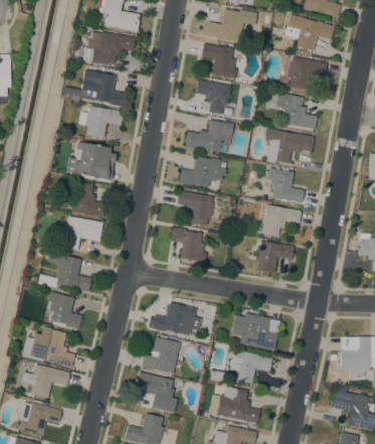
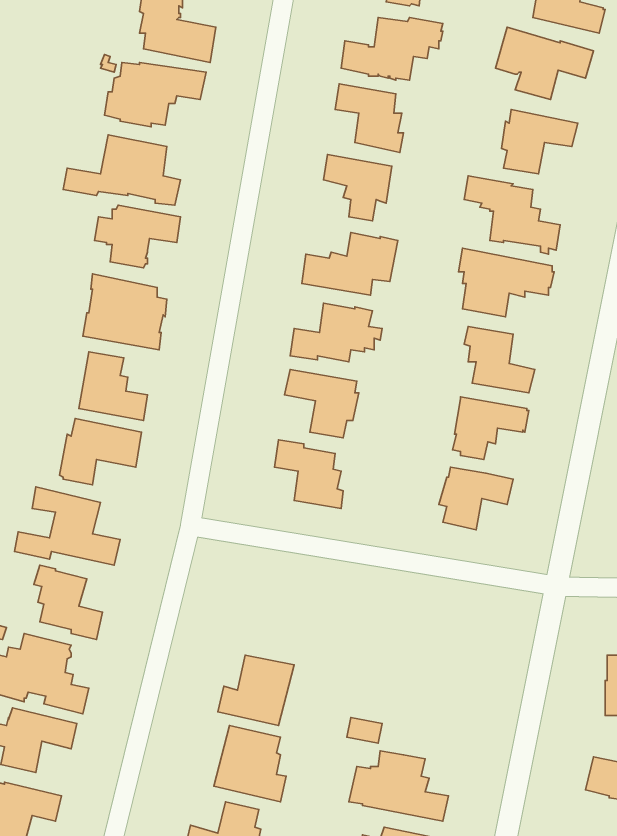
building: [152,302,202,335] -> none
building: [238,313,280,351] -> none
building: [229,349,269,384] -> none

